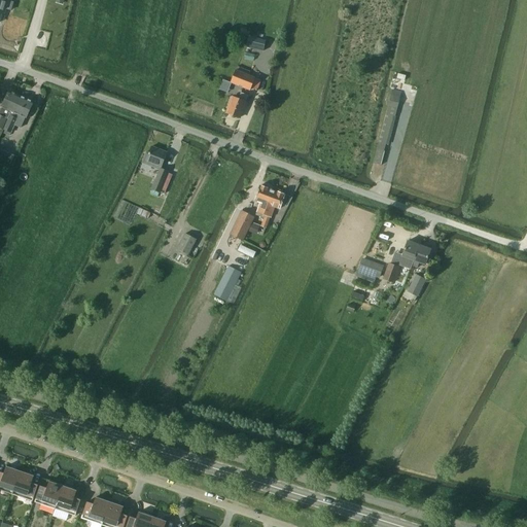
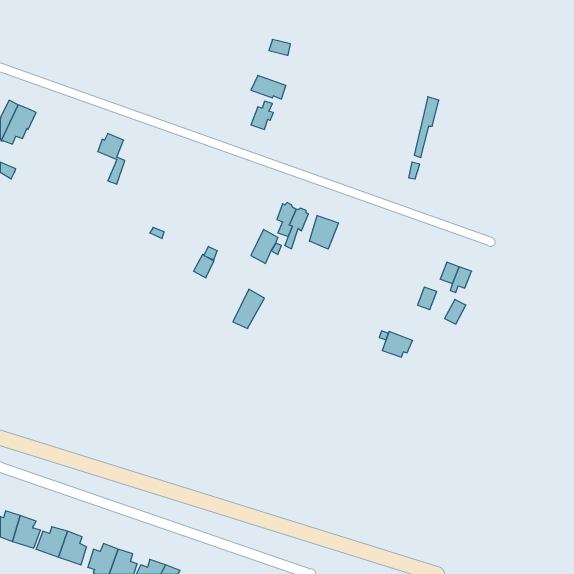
building: [144,146,169,192] -> [98,134,125,184]
building: none -> [309,215,339,249]
building: [357,257,385,281] -> [382,331,413,357]

